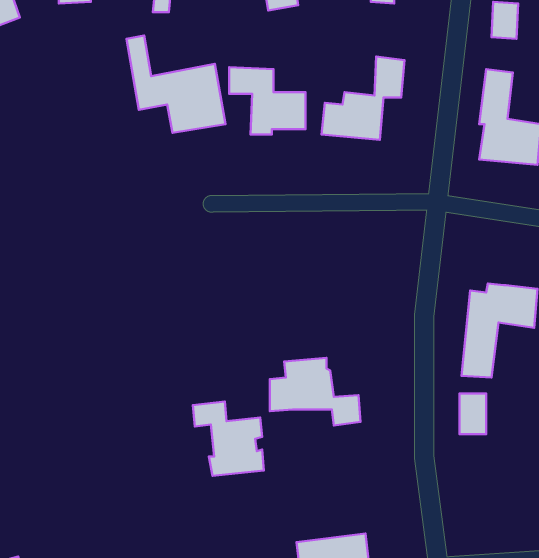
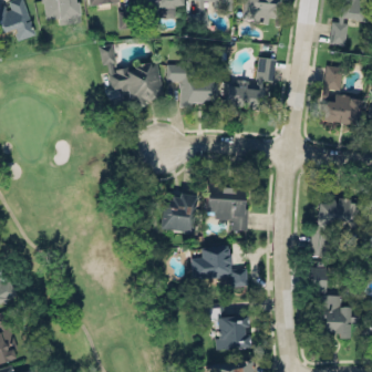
building: none -> [200,182,247,229]
building: none -> [161,194,196,232]
building: [193,402,264,476] -> [204,302,248,349]
building: none -> [319,296,350,339]

